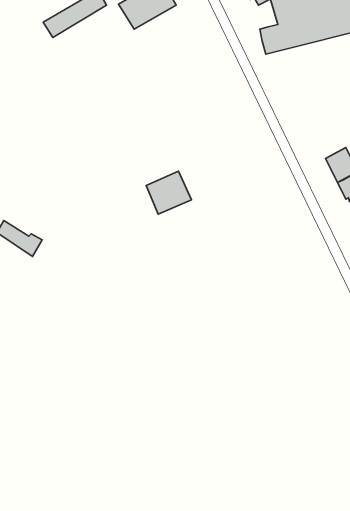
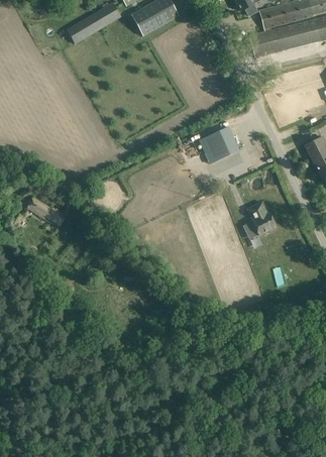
building: [146,171,192,214] -> [200,126,238,162]
building: none -> [246,202,276,238]

